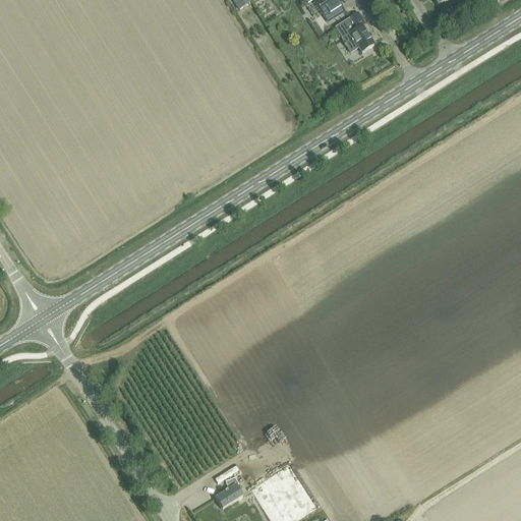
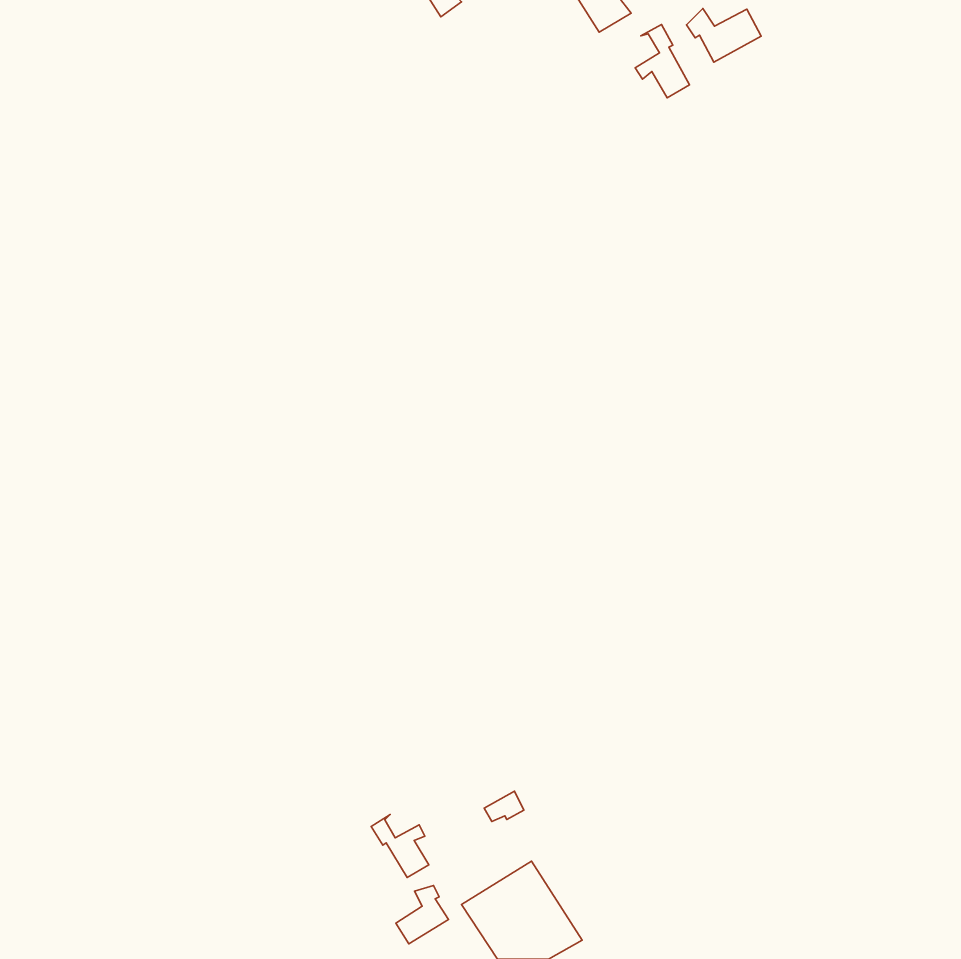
building: none -> [687,9,761,62]
building: none -> [371,815,429,877]

